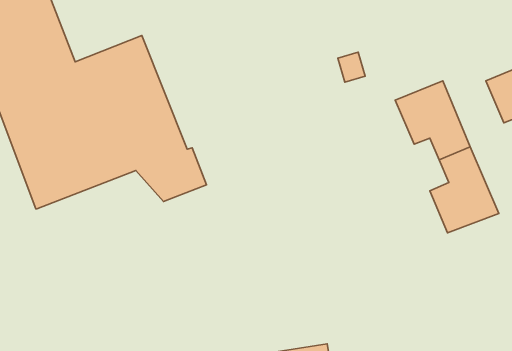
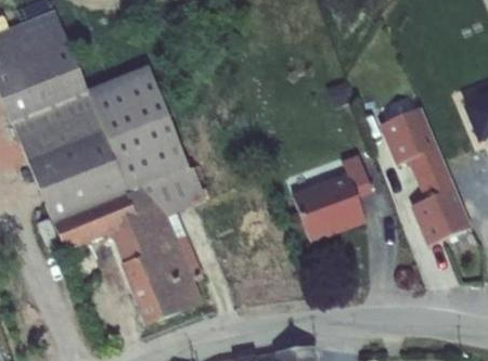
building: none -> [292,155,371,240]
building: none -> [52,189,204,327]

